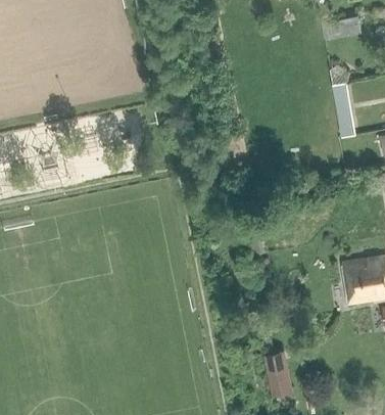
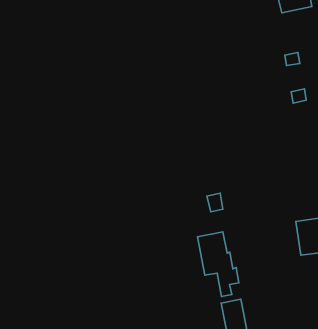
building: none -> [198,232,239,297]

